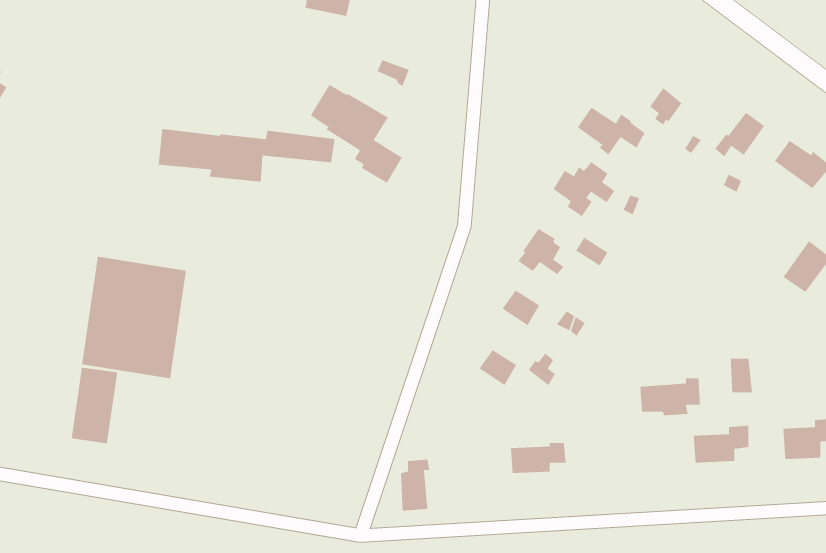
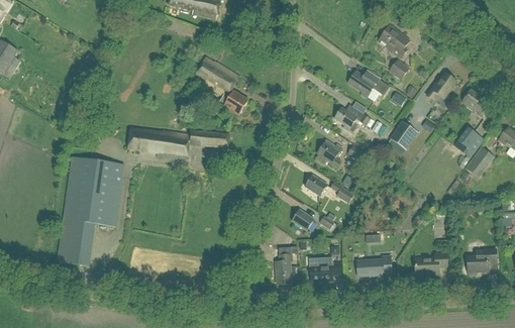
building: none -> [378,24,410,58]
building: [158,128,335,183] -> [128,127,230,158]
building: none -> [390,120,418,148]
building: none -> [454,126,485,160]
building: [639,377,701,416] -> [356,255,392,278]
building: [400,459,430,511] -> [276,253,293,284]

